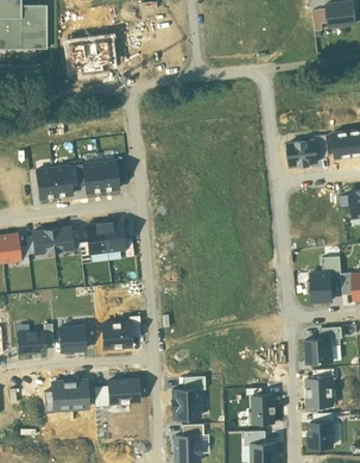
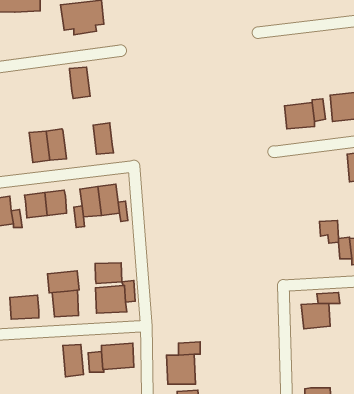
building: [82,162,102,193] -> [70,67,90,98]
building: [310,270,333,302] -> none
building: none -> [95,263,122,283]
building: none -> [47,271,79,293]
building: [305,377,333,406] -> none
building: [51,380,71,412] -> none
building: [252,394,274,423] -> none

